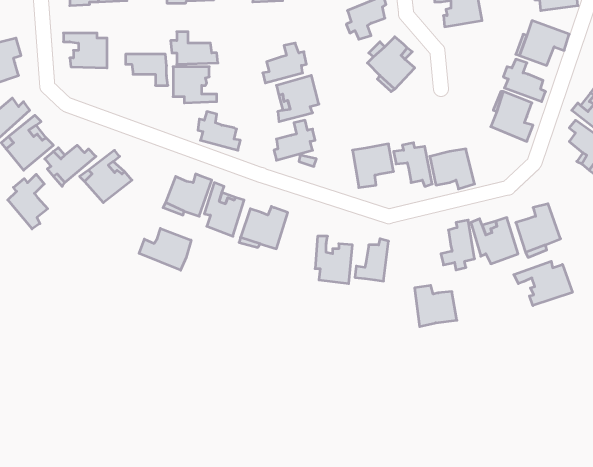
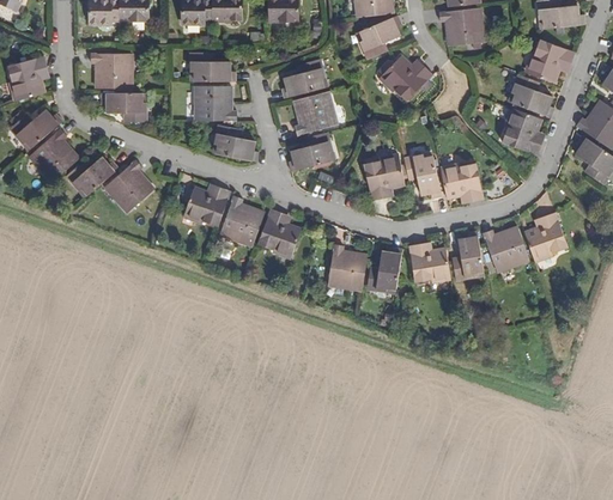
building: [126,54,168,85] -> [101,91,141,121]
building: [8,174,48,229] -> none
building: [139,228,191,270] -> none
building: [514,261,572,306] -> none
building: [415,285,457,327] -> [409,245,450,285]

